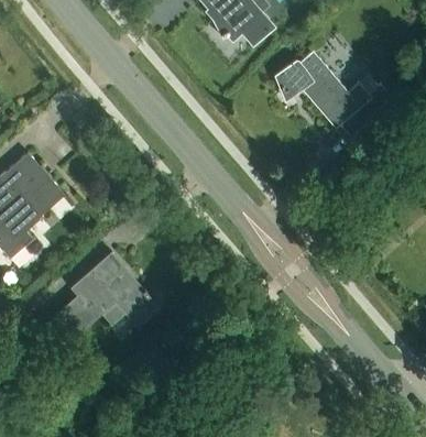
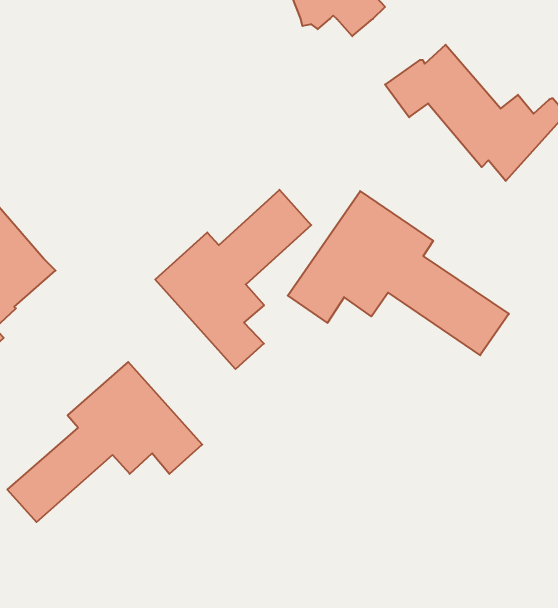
building: none -> [155,190,311,369]
building: none -> [288,191,509,355]

